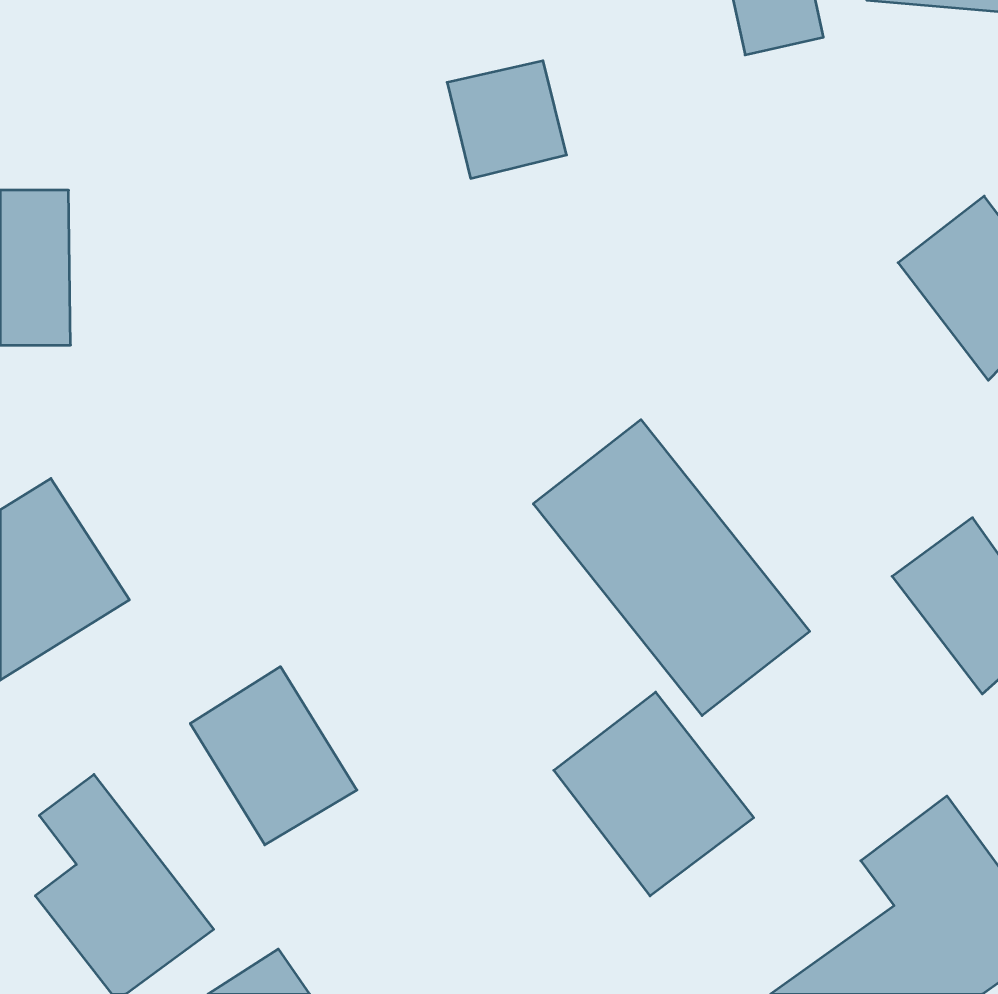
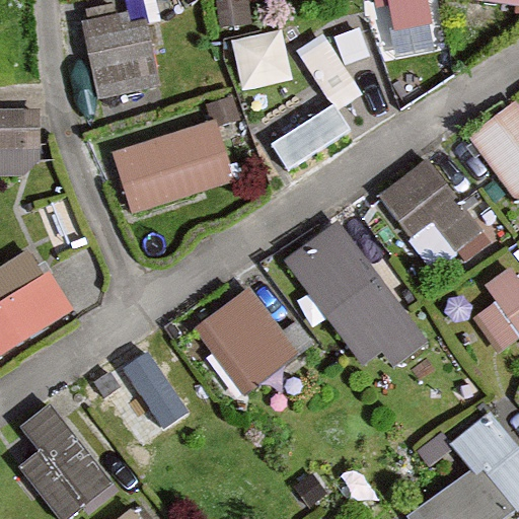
building: none -> [79,7,153,95]
building: none -> [272,34,364,173]
building: none -> [121,121,240,212]
building: none -> [375,158,481,268]
building: [554,692,754,896] -> [197,289,300,394]

